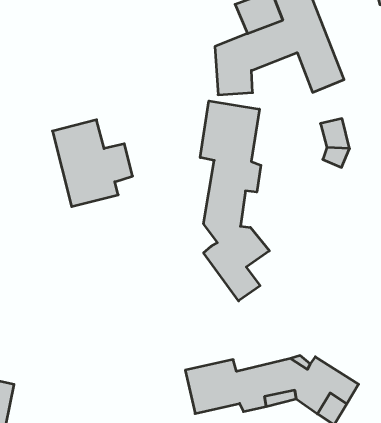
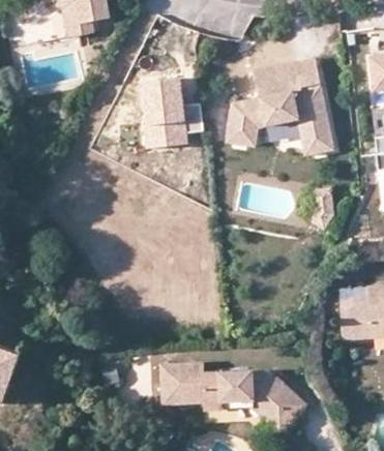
building: [200,101,269,301] -> none
building: [52,120,133,207] -> [141,78,201,146]

